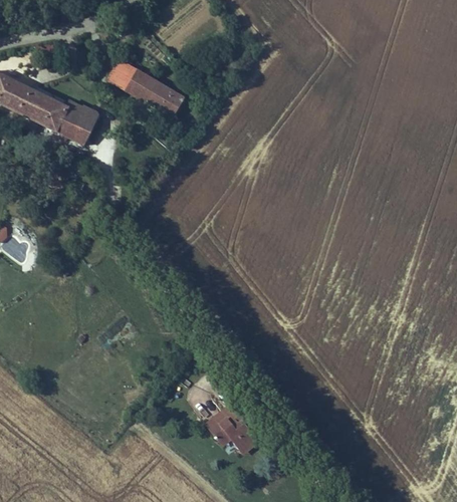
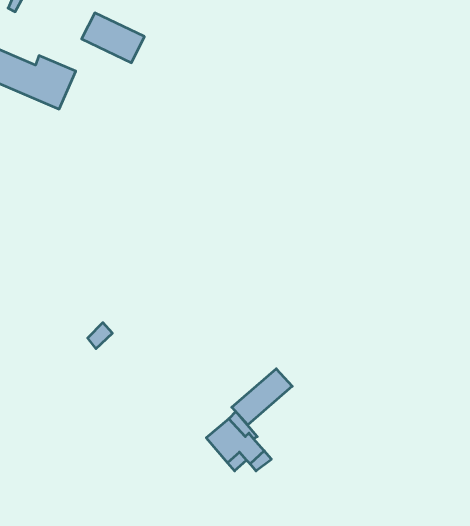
building: [147,80,184,115] -> none
building: none -> [232,369,292,425]

